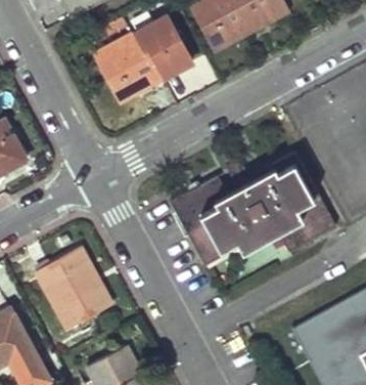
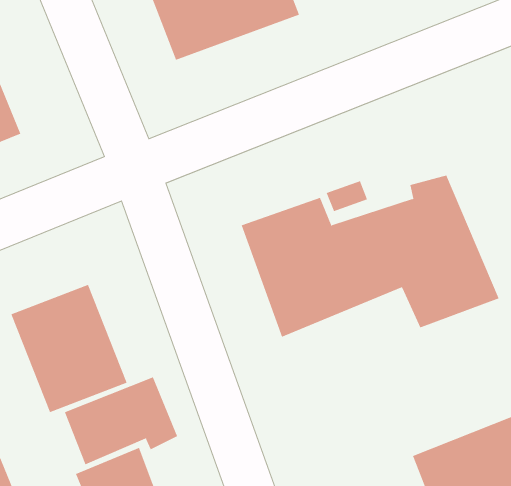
building: none -> [64,377,178,465]

